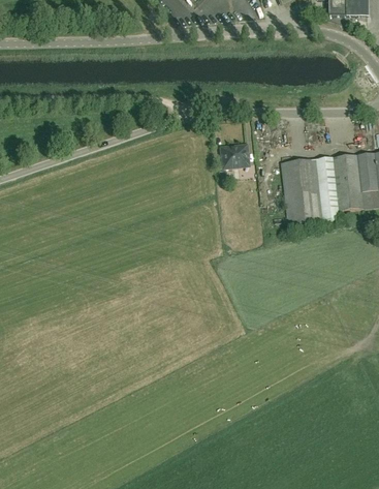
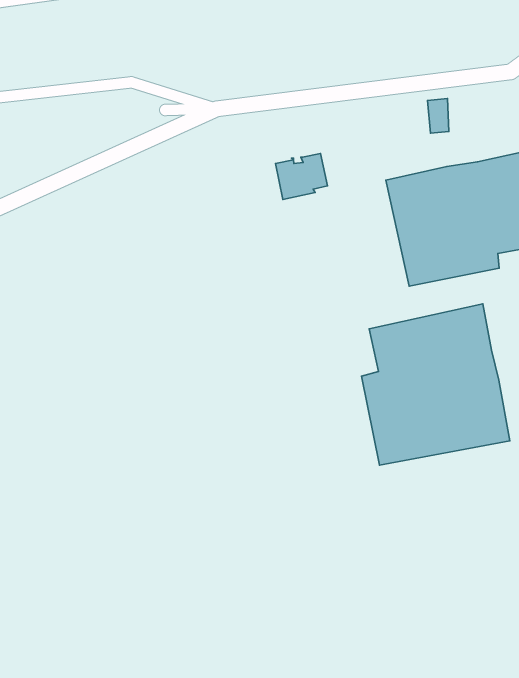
building: none -> [362,304,510,465]

